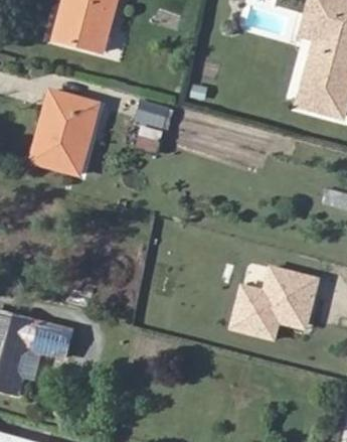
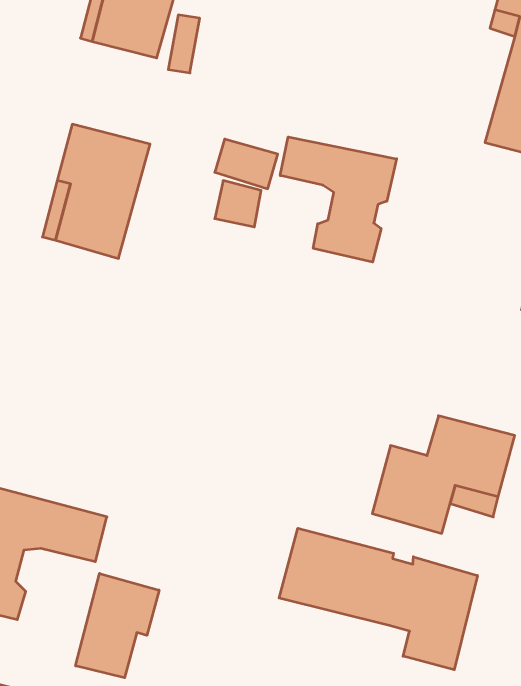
building: none -> [280,137,397,262]
building: none -> [279,528,477,670]
building: none -> [76,573,159,678]

